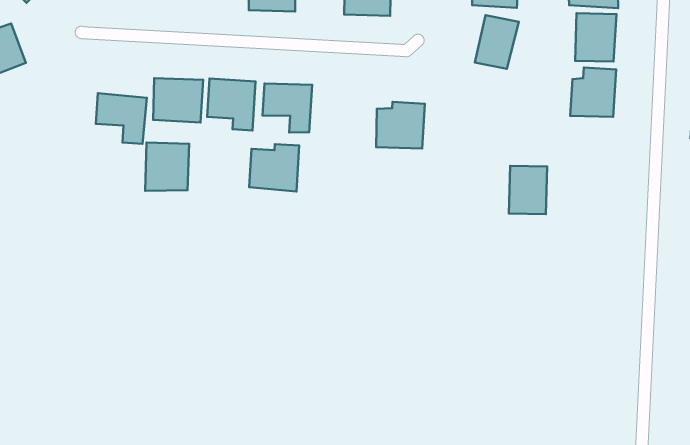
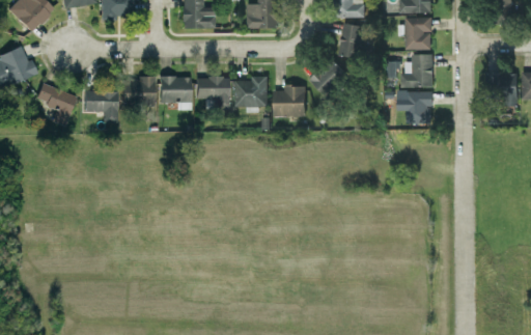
building: none -> [310,58,347,95]
building: none -> [37,84,76,125]
building: [145,143,189,191] -> none
building: [249,144,299,191] -> [235,75,268,106]
building: [509,166,547,214] -> [407,89,432,122]

